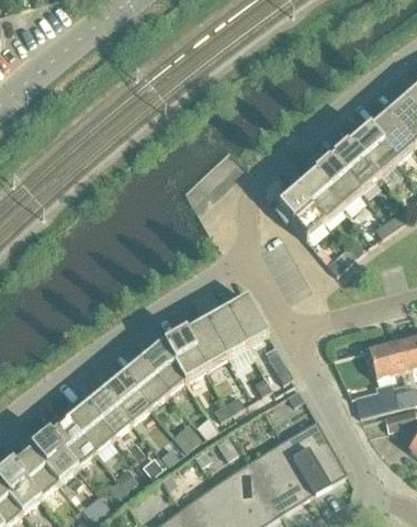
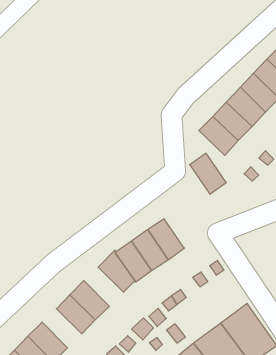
building: [226,296,268,346] -> [190,153,226,194]
building: [123,359,169,407] -> none
building: [68,404,114,452] -> none

